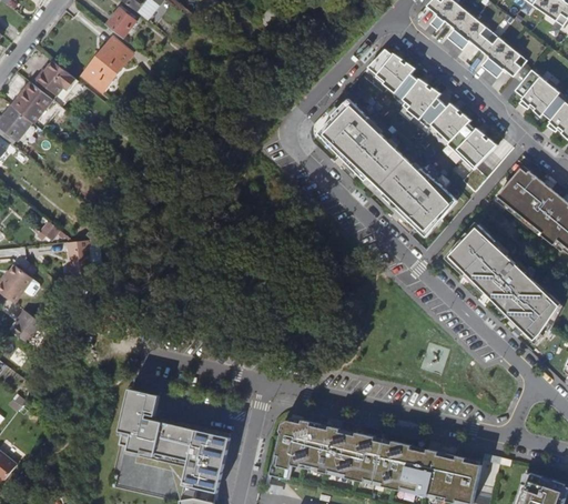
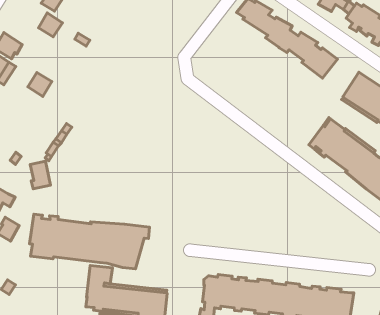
building: [82,57,115,90] -> [28,73,52,96]
building: [318,99,457,238] -> none
building: none -> [30,214,150,269]

